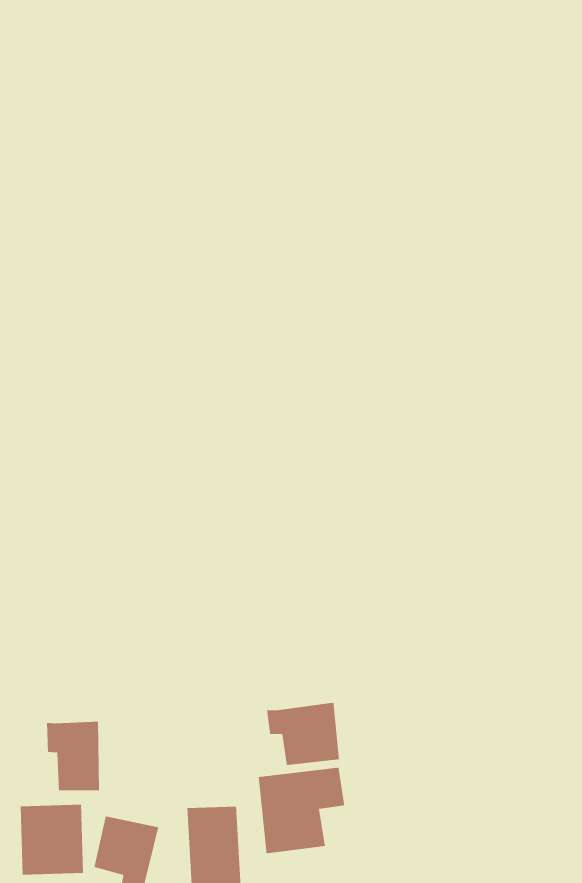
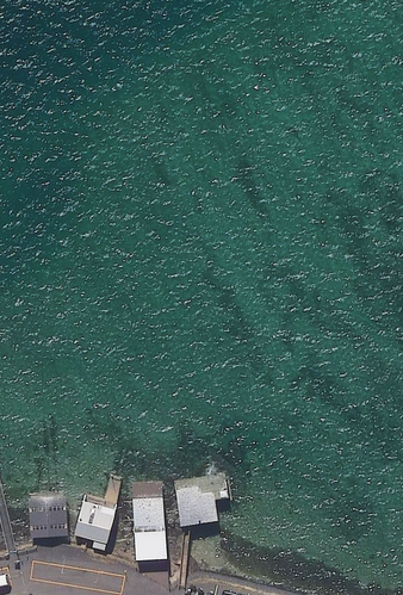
building: [266,702,340,766] -> none
building: [46,721,100,791] -> none

